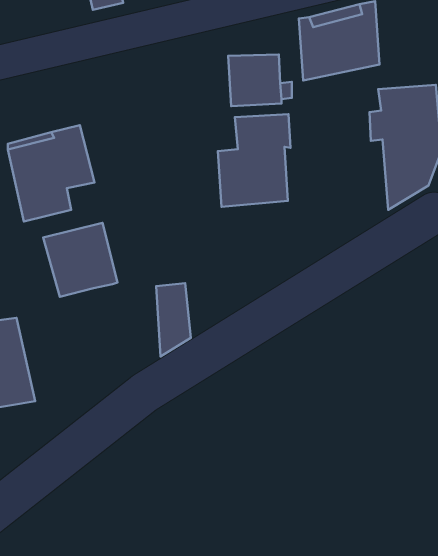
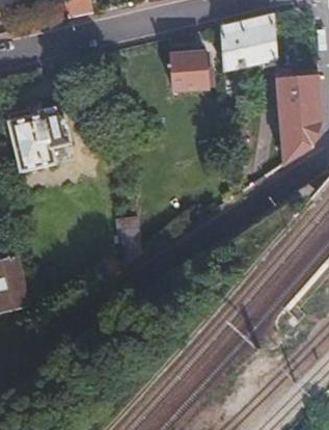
building: [218,114,290,207] -> none
building: [43,223,117,297] -> none

